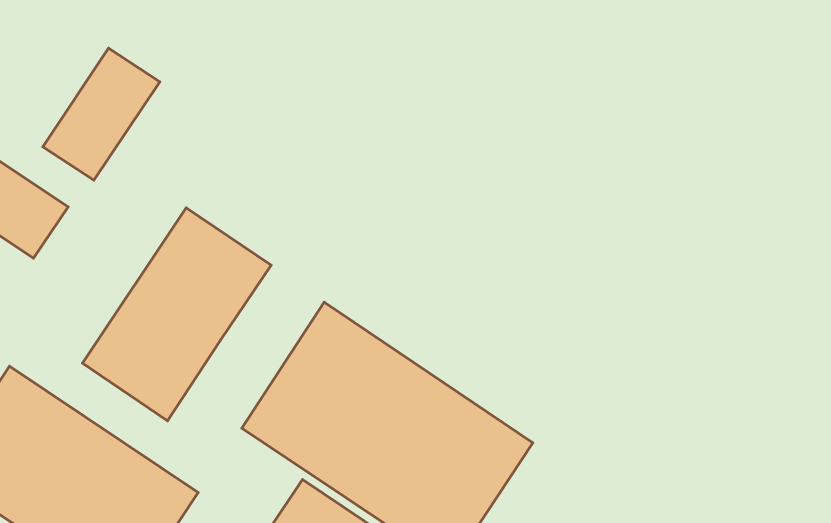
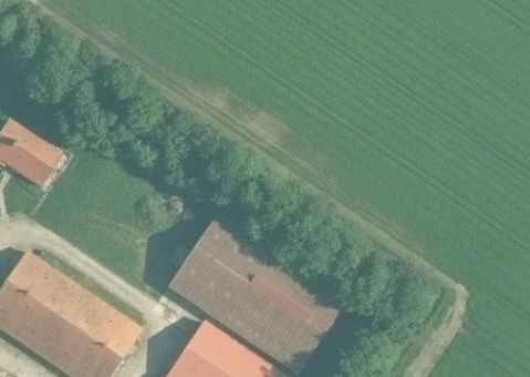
building: [43,48,160,180] -> none
building: [83,208,271,421] -> none

